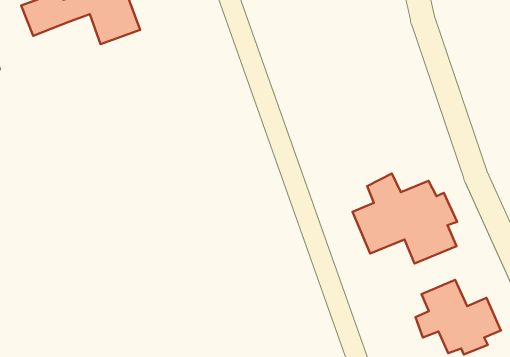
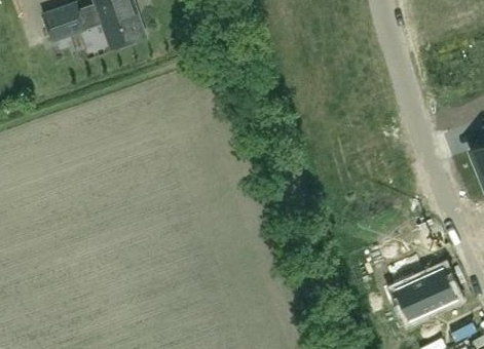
building: [353,174,457,263] -> none

